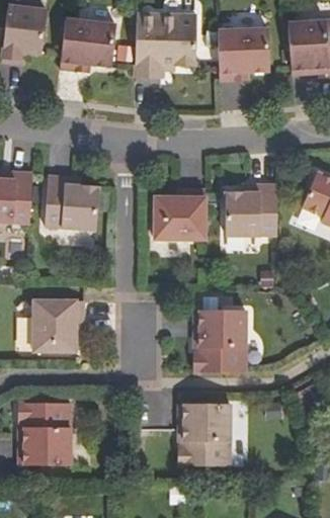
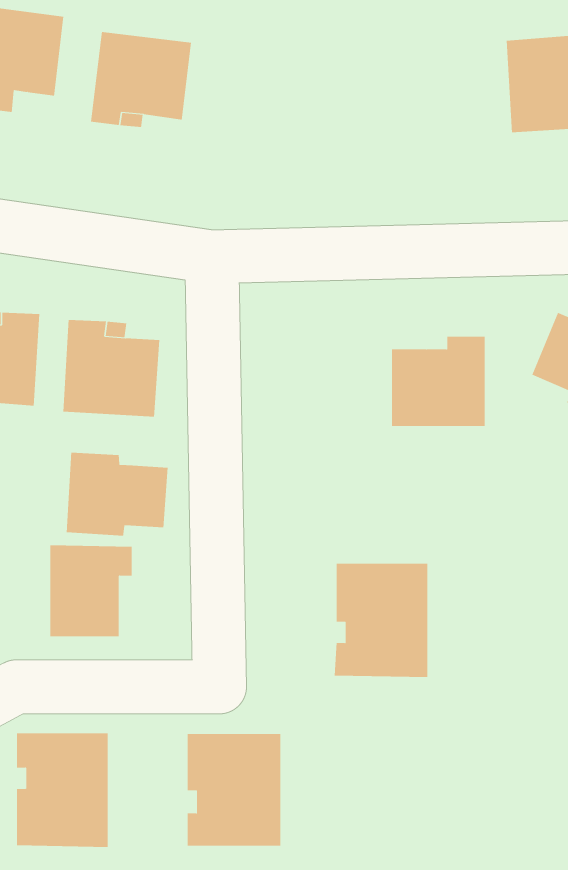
building: [135,13,196,77] -> none
building: [218,28,269,80] -> none
building: [154,189,204,239] -> none
building: none -> [66,452,168,536]
building: [178,404,230,465] -> [187,734,281,846]

